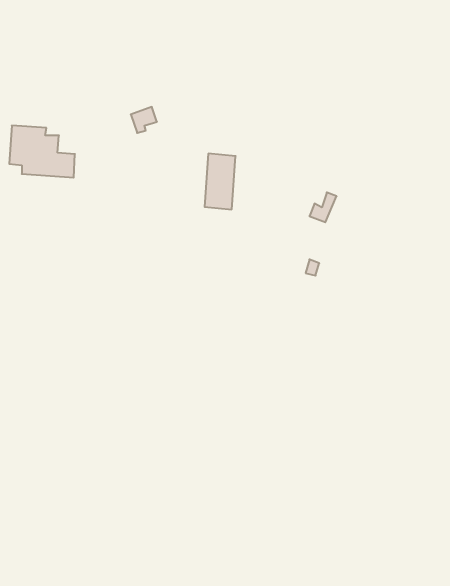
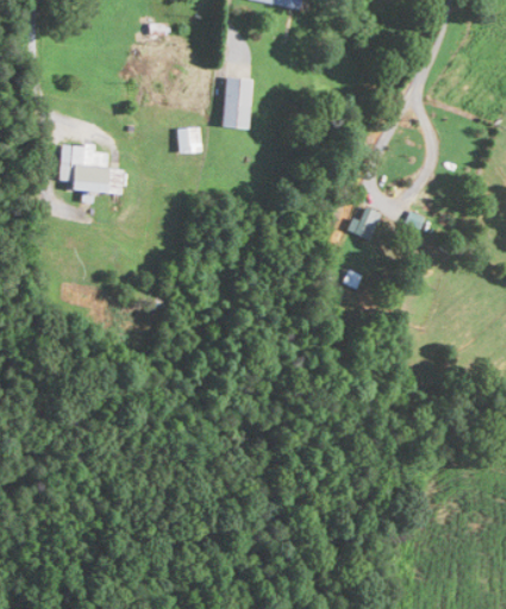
building: [205,154,236,209] -> [223,76,252,130]

